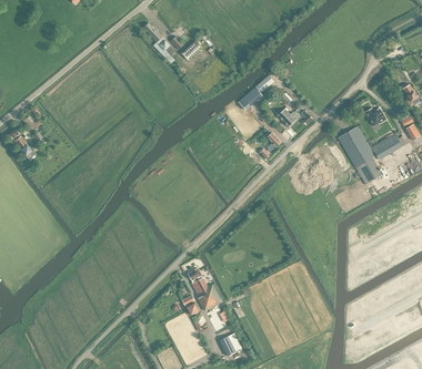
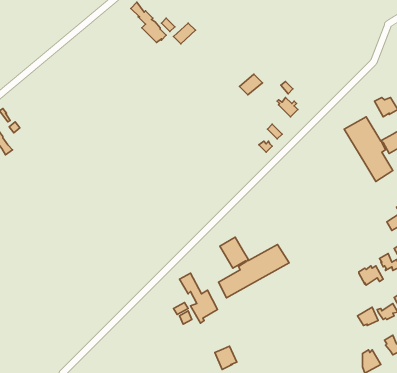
building: none -> [219,237,289,298]

